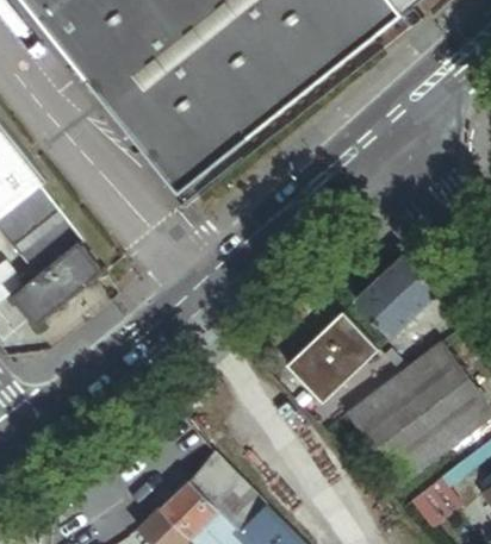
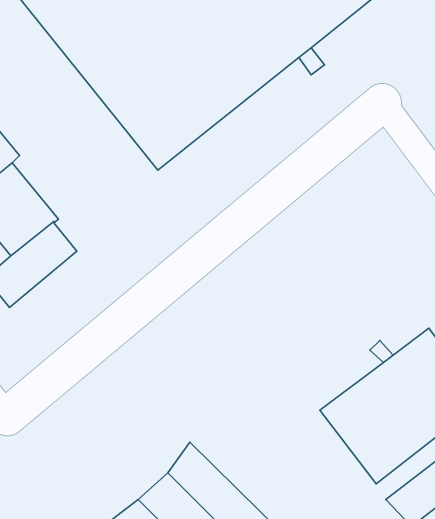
building: [353,255,437,339] -> none
building: [284,314,374,404] -> none

